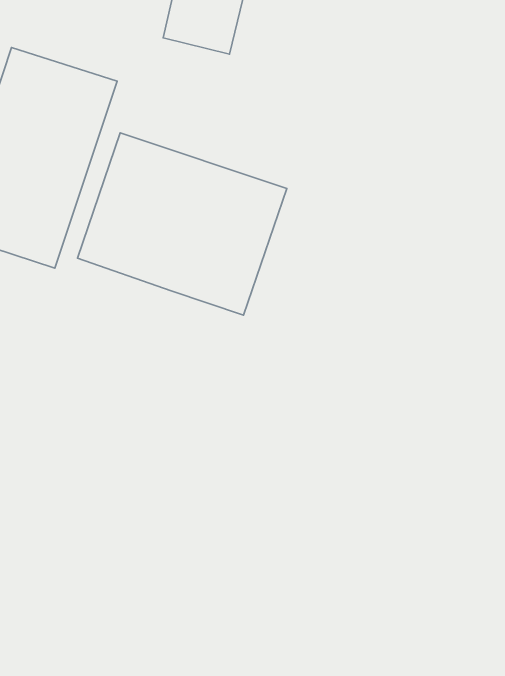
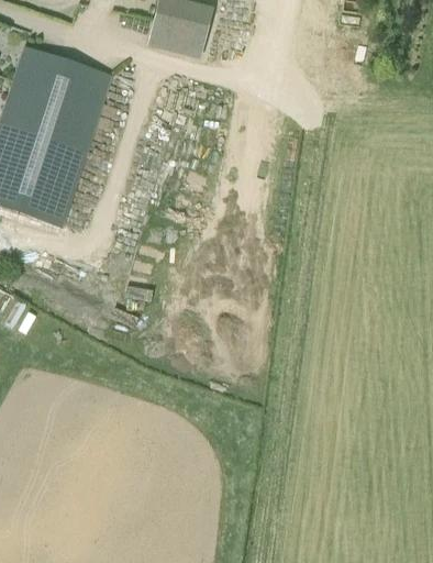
building: [78,133,287,315] -> none

